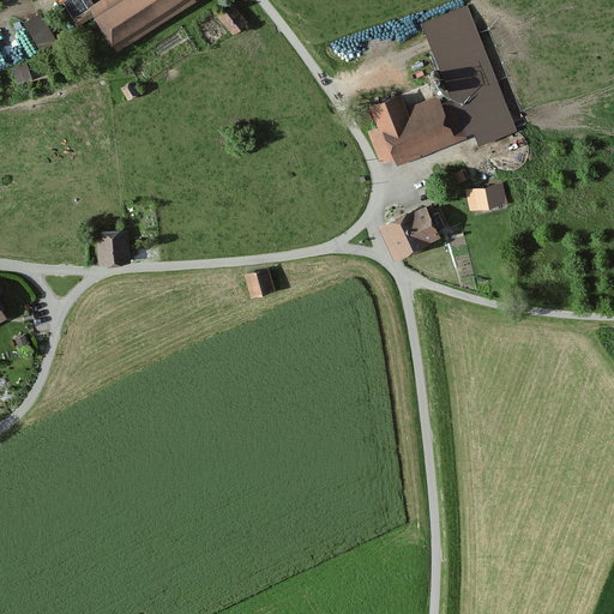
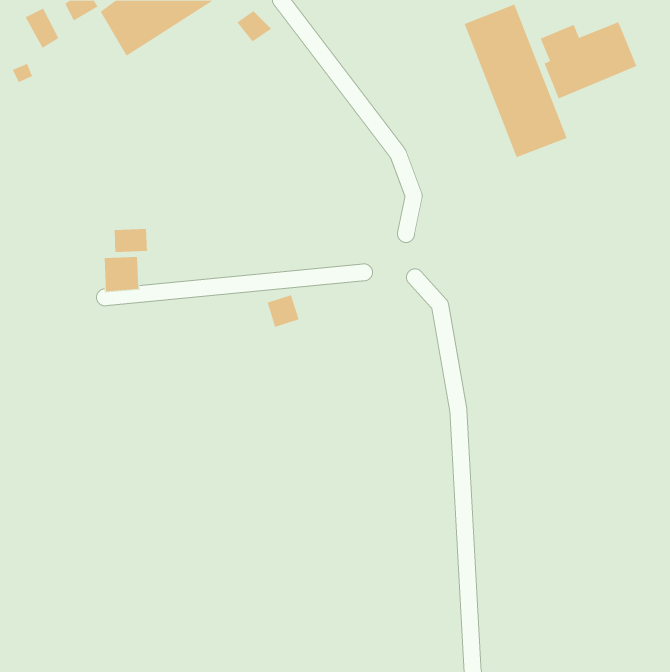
building: [369,92,458,163] -> [540,21,637,99]
building: [465,183,505,212] -> none
building: [379,207,439,259] -> none
building: none -> [114,228,148,253]

